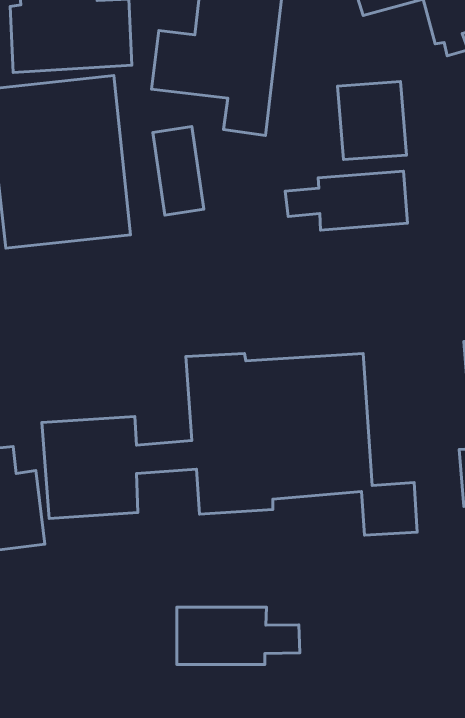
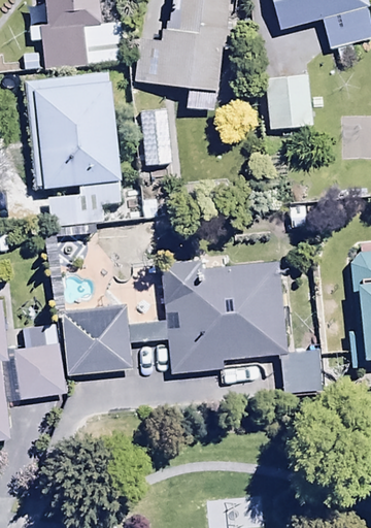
building: [285,171,408,230] -> none
building: [177,607,300,665] -> none

